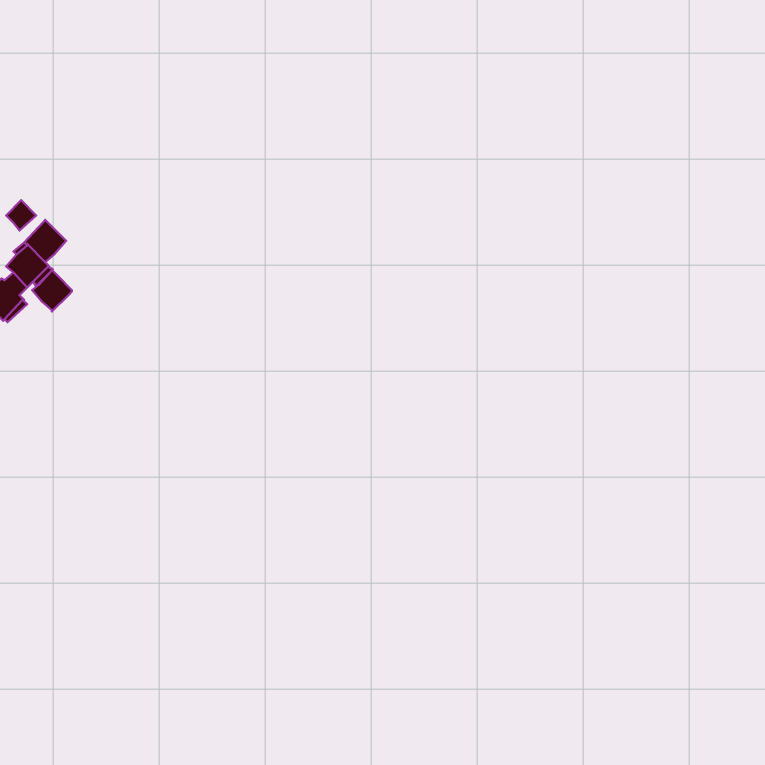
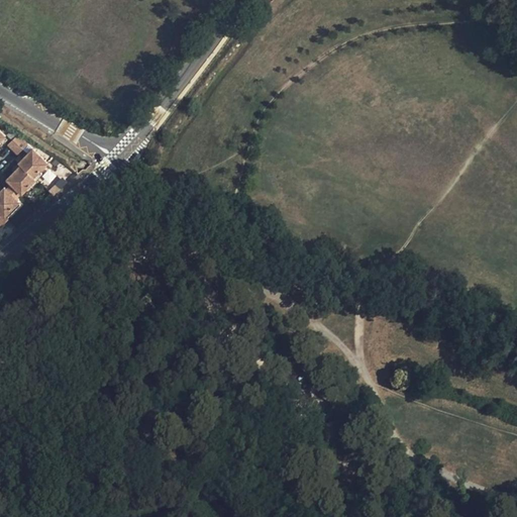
building: [32,270,72,312] -> none

